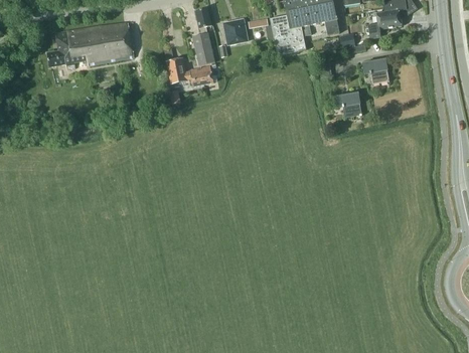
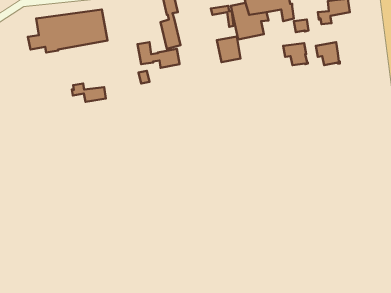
building: [222,18,249,46] -> [217,37,241,62]
building: [335,93,362,117] -> [283,43,308,65]
building: none -> [72,83,106,102]

